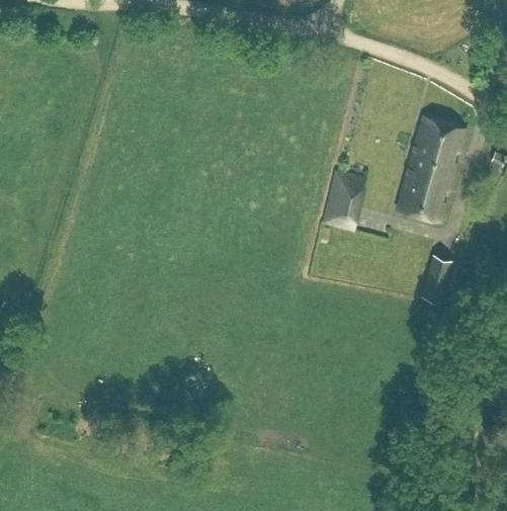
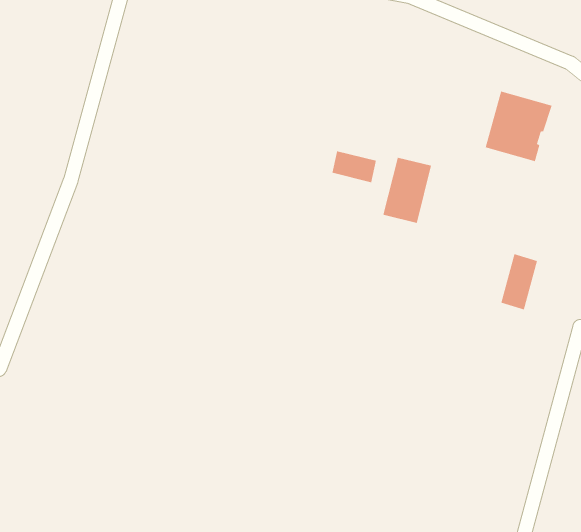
building: [396,164,451,221] -> none
building: none -> [332,150,377,183]

